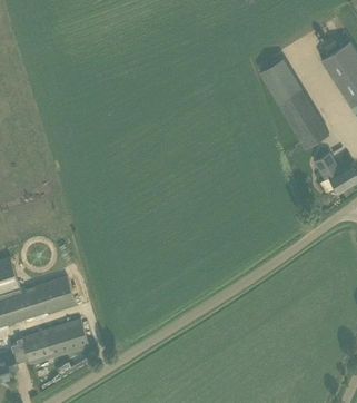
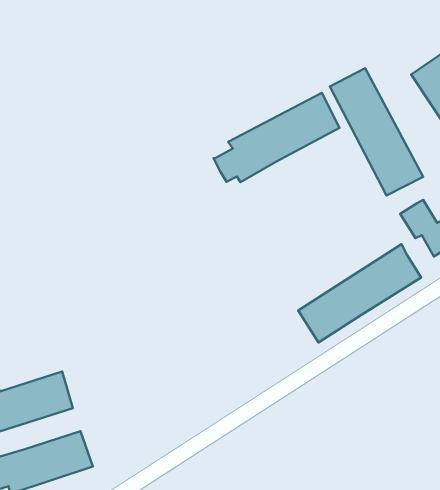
building: none -> [213,93,340,182]
building: none -> [298,244,421,343]

